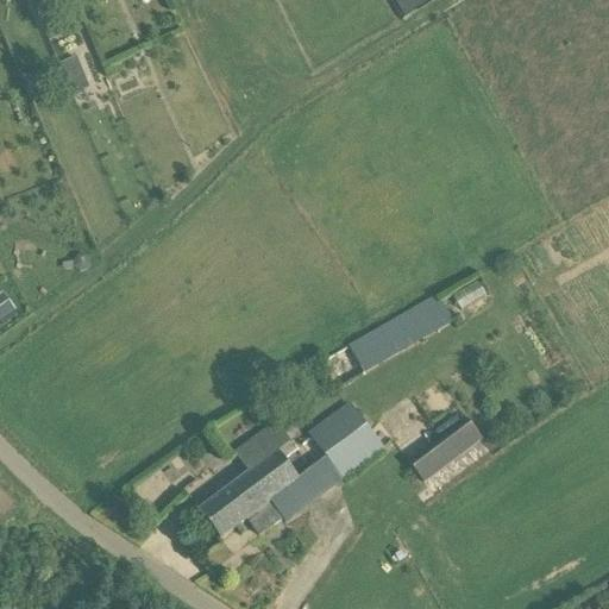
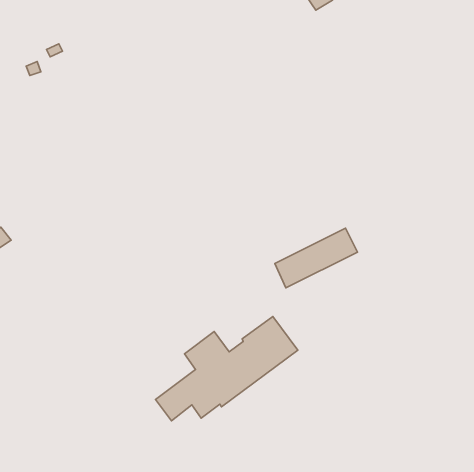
building: [413,414,488,478] -> none

